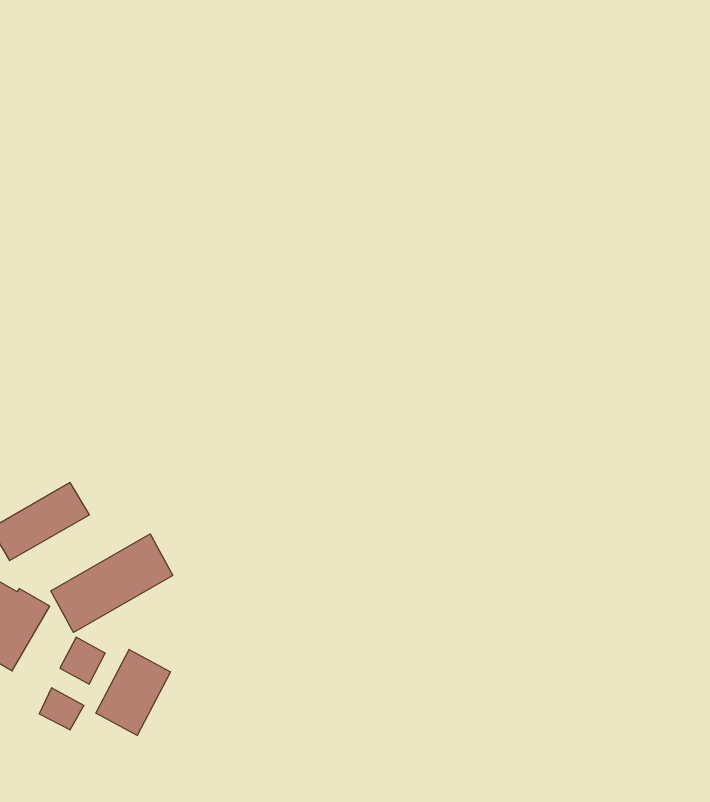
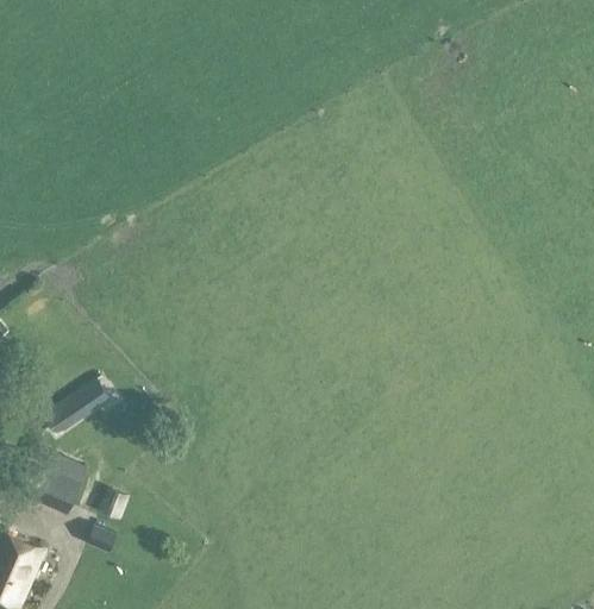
building: [51,534,173,632] -> none
building: [96,649,170,735] -> none

